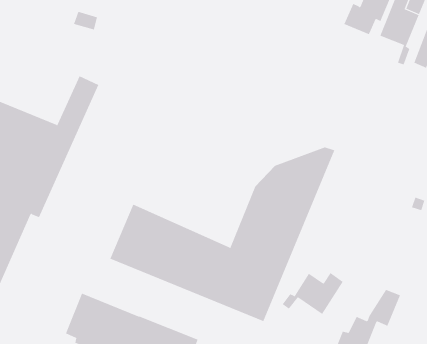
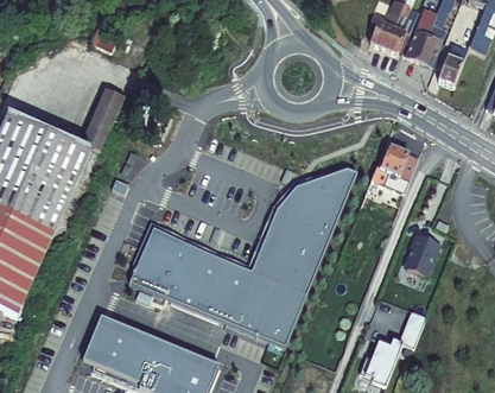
building: none -> [364,142,419,198]
building: none -> [404,236,439,279]
building: [282,272,344,315] -> none

